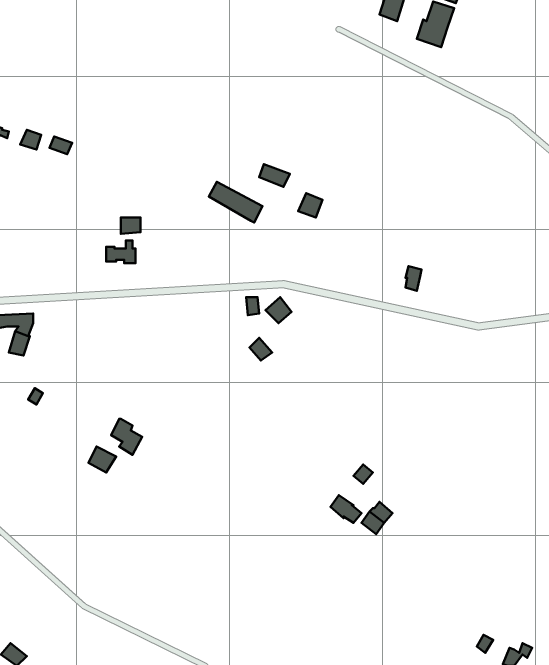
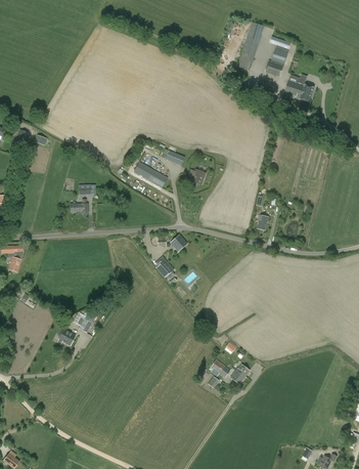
building: none -> [283,77,313,101]

